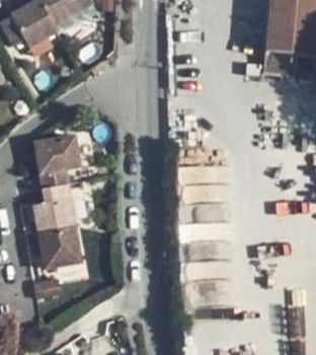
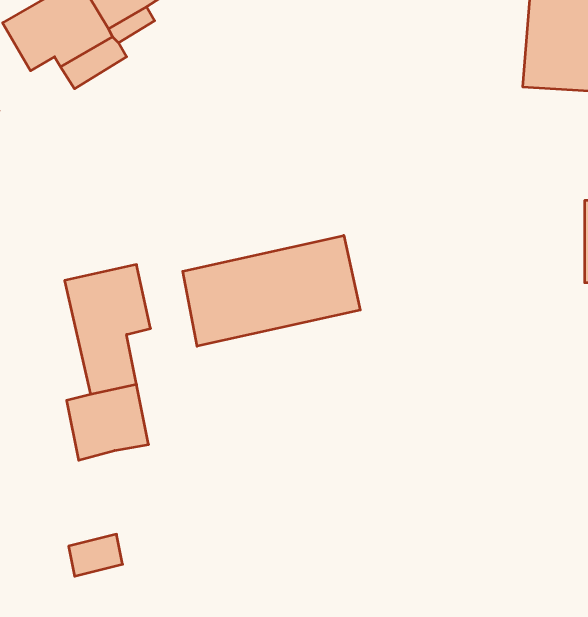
building: none -> [183,235,360,346]
building: [42,231,83,269] -> none

